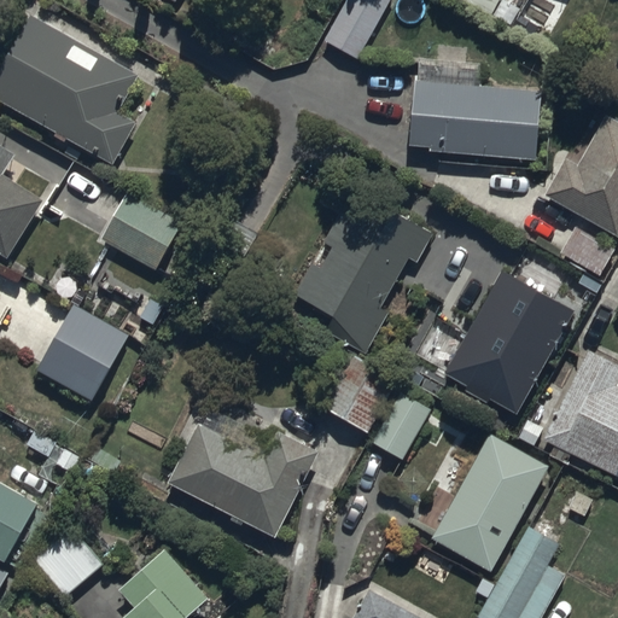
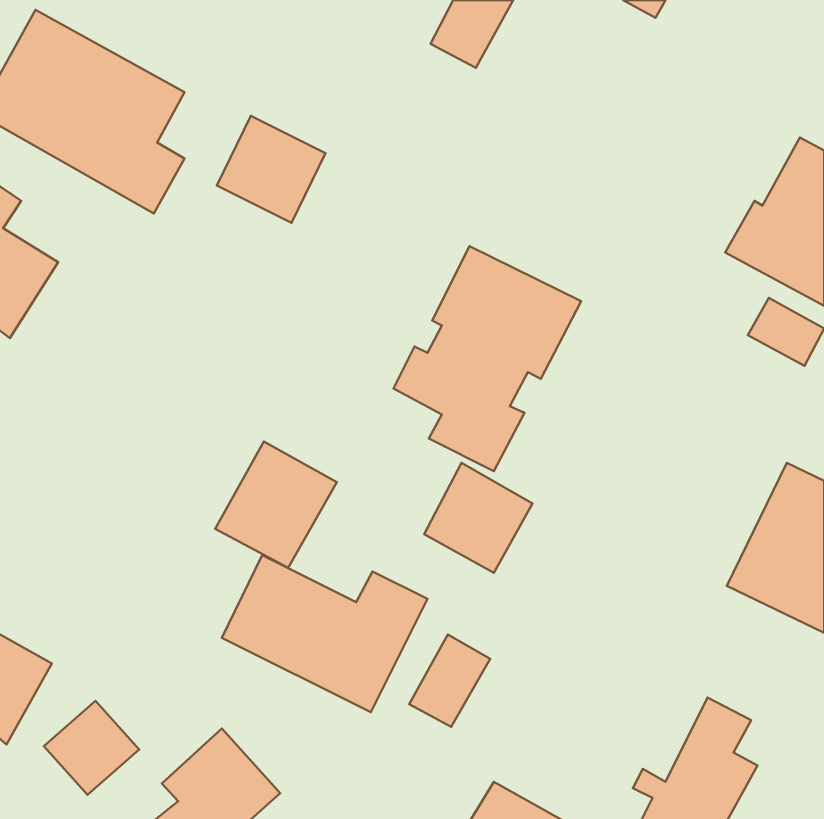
building: [409,59,542,159] -> none
building: [101,194,182,274] -> [217,116,325,223]
building: [443,270,571,413] -> none
building: [37,308,128,402] -> [215,442,337,568]
building: [371,393,431,462] -> [409,635,490,727]
building: [414,432,549,575] -> none

